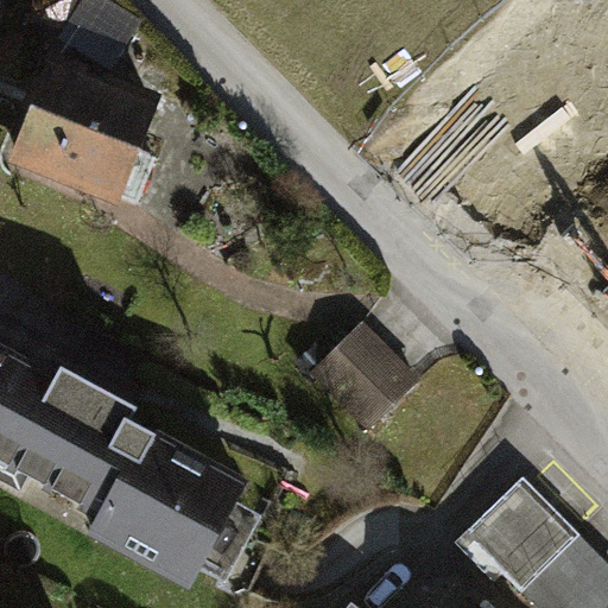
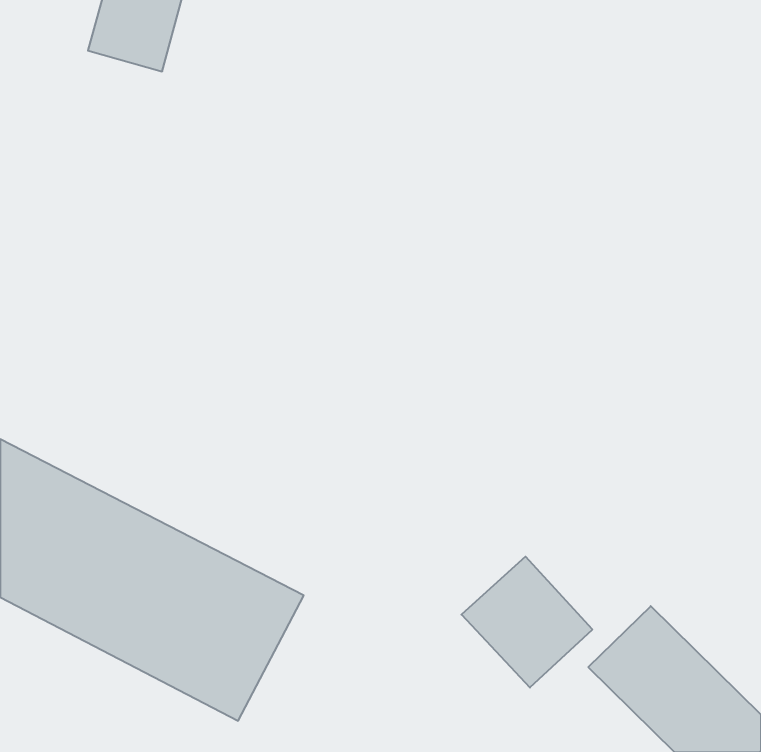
building: [14,62,144,190] -> none
building: [311,323,416,428] -> [461,557,592,688]

